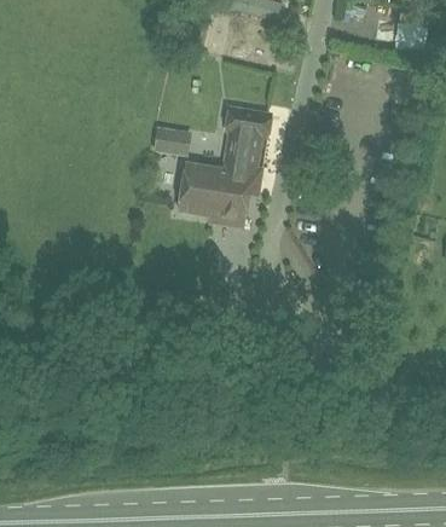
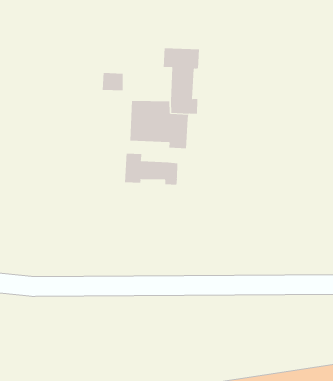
building: none -> [125,153,178,186]

